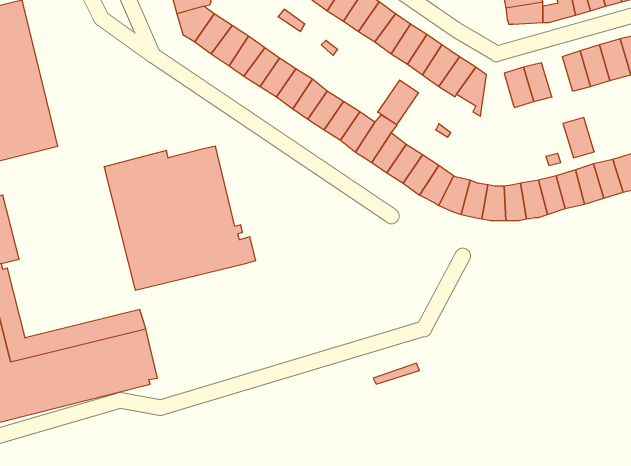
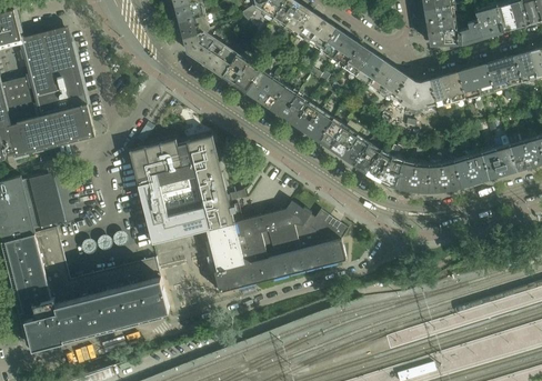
building: none -> [410,81,434,116]
building: [378,80,418,125] -> none
building: [563,118,594,158] -> [455,69,479,99]
building: none -> [198,201,349,292]

